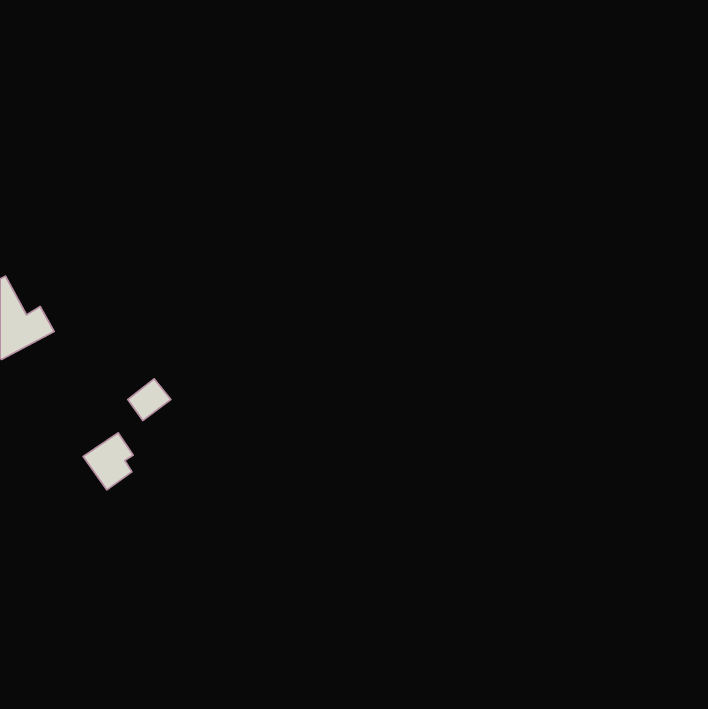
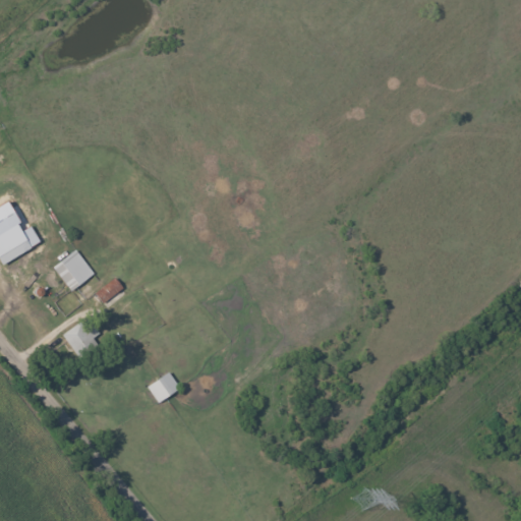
building: none -> [53,249,94,291]
building: none -> [147,371,180,403]

